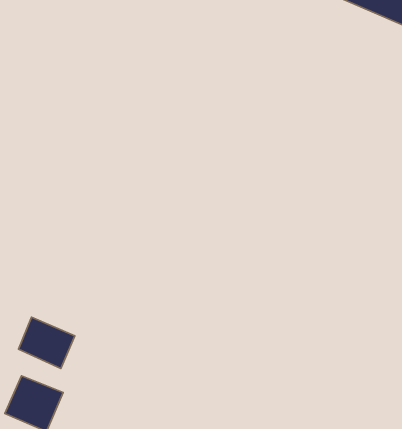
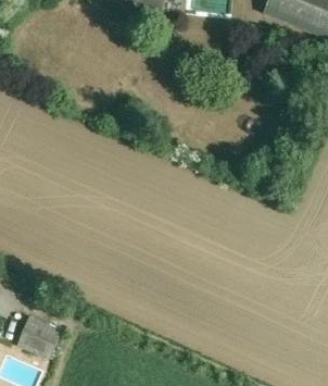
building: [18,317,75,368] -> none

